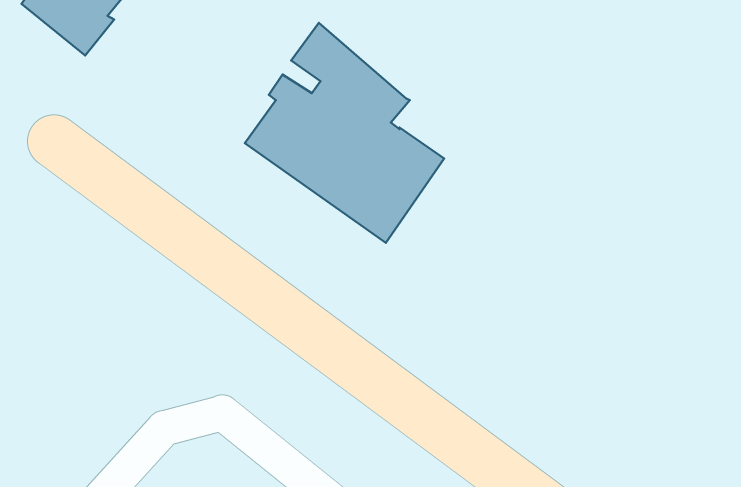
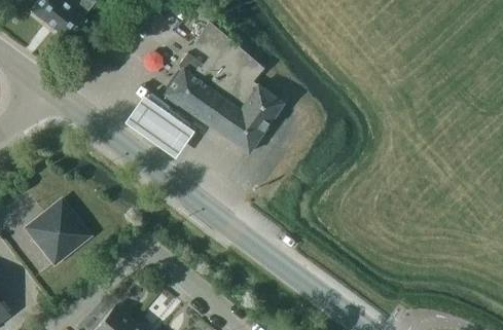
building: none -> [122,88,195,154]
building: none -> [29,203,87,261]

